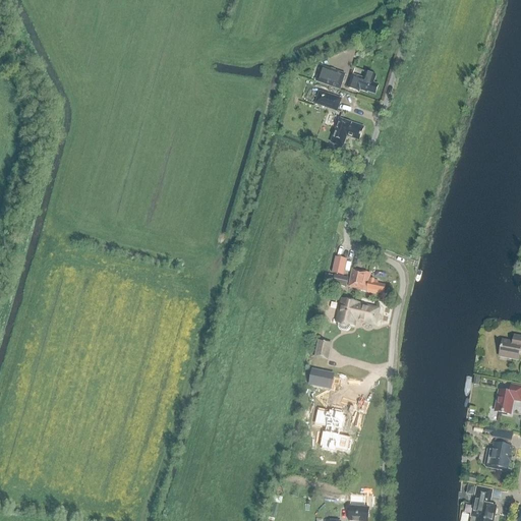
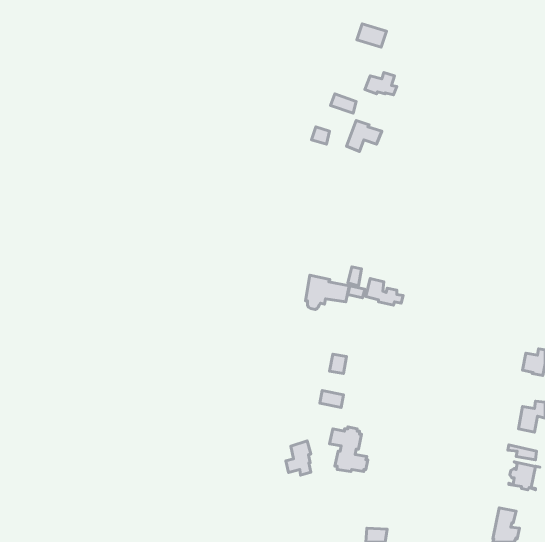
building: [316,64,345,86] -> [357,24,387,47]
building: [336,295,378,328] -> [305,275,349,309]
building: none -> [286,441,311,475]

